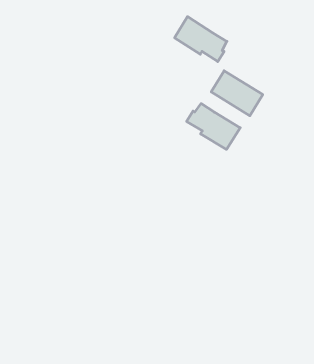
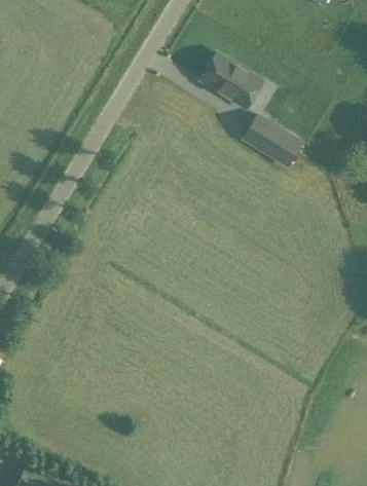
building: [187,104,240,149] -> none

